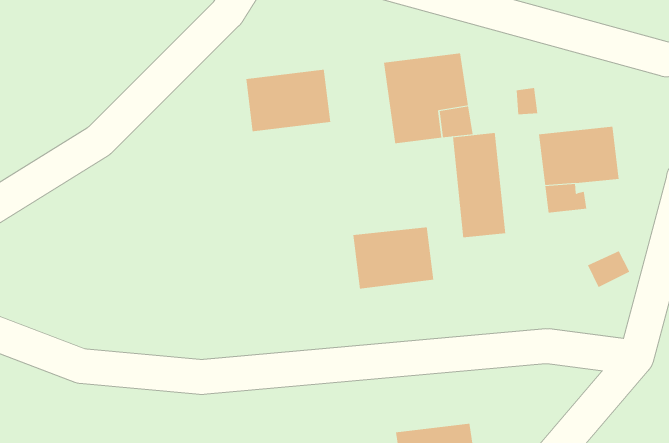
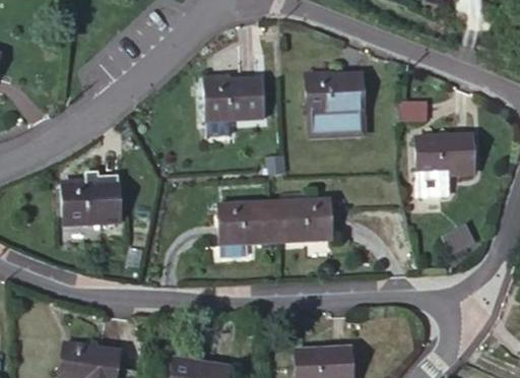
building: [452,132,506,238] -> none
building: none -> [62,181,120,224]
building: none -> [219,200,275,244]

